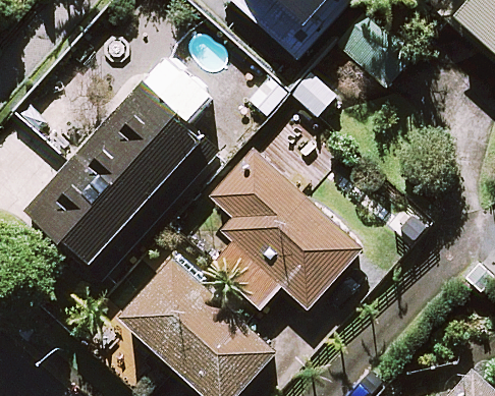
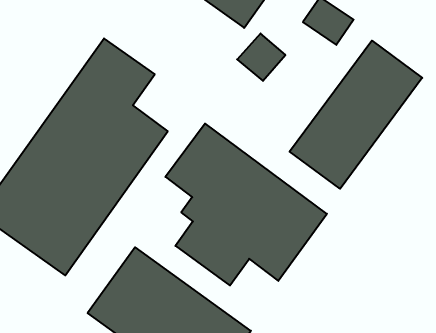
building: none -> [290,41,422,189]

